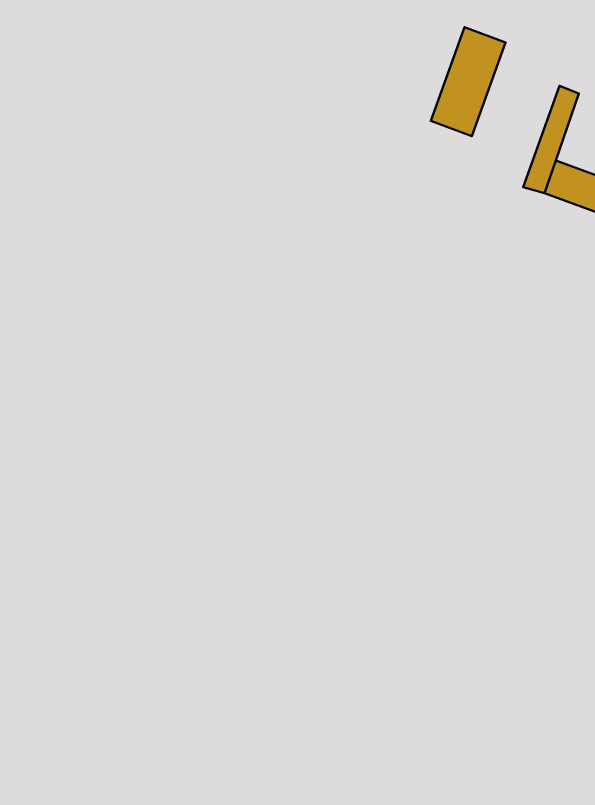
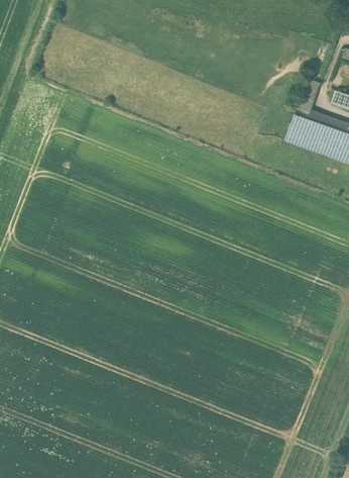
building: [431,27,506,136] -> none

